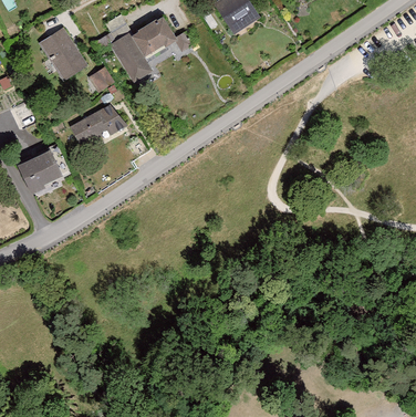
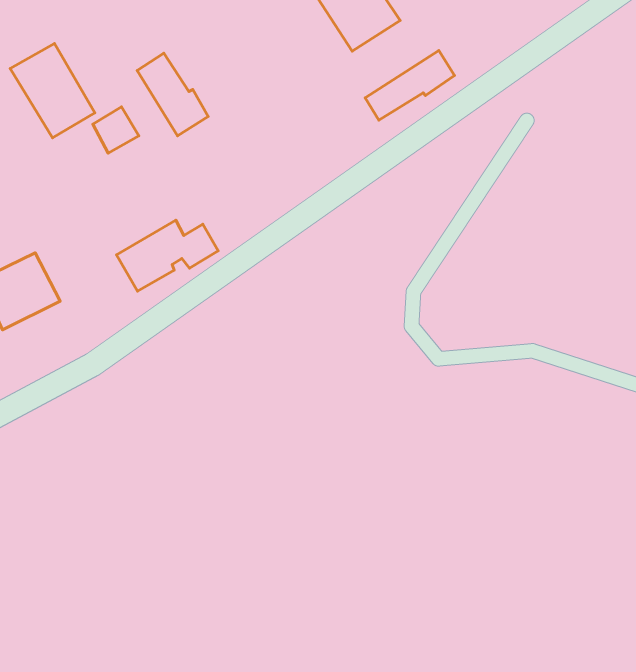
building: [133,17,178,55] -> none
building: none -> [365,51,455,120]
building: [69,107,127,148] -> [116,220,218,291]

